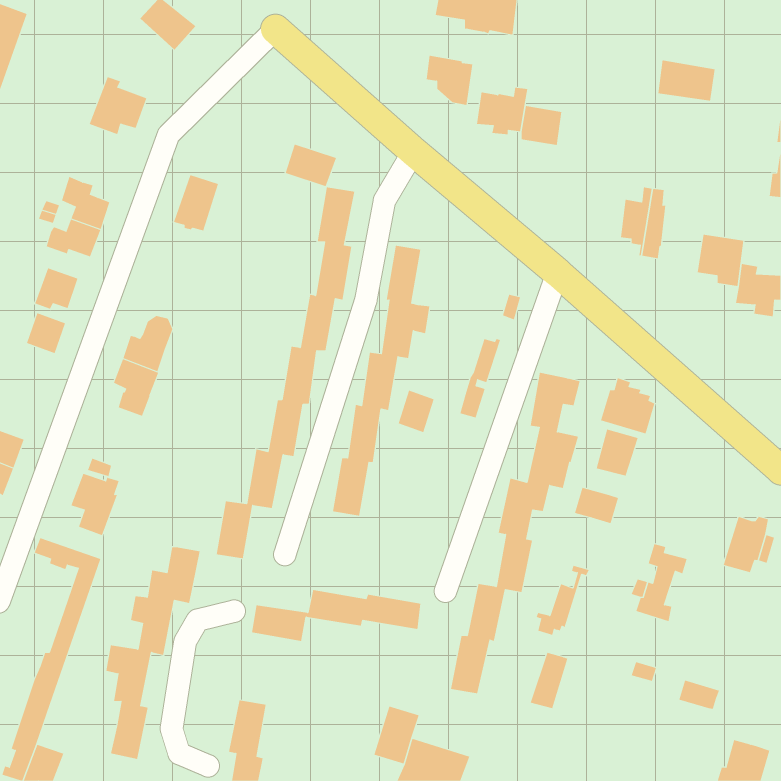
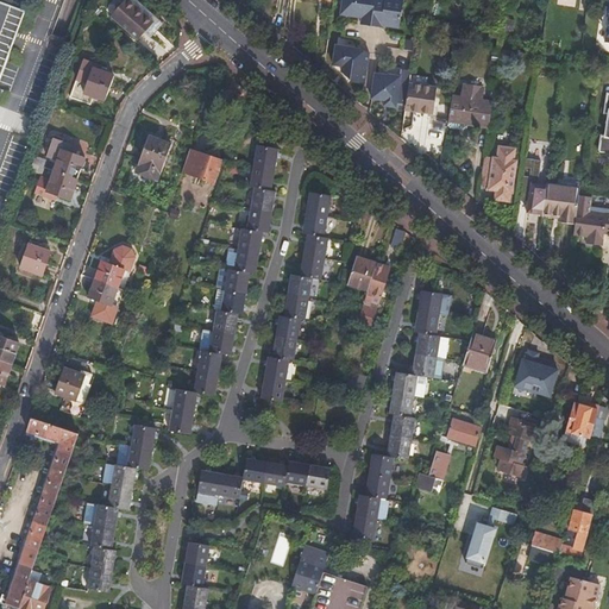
building: [657,60,716,101] -> [448,94,494,126]
building: [285,144,337,187] -> [182,149,222,182]
building: [34,268,78,310] -> none
building: [600,378,655,434] -> [514,350,557,394]
building: [398,390,434,433] -> [347,256,376,289]
building: [574,487,619,524] -> [445,419,479,447]
building: [530,652,568,709] -> [462,529,491,573]
building: none -> [554,508,590,558]

